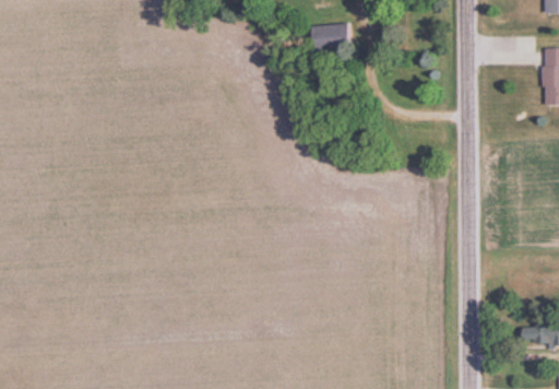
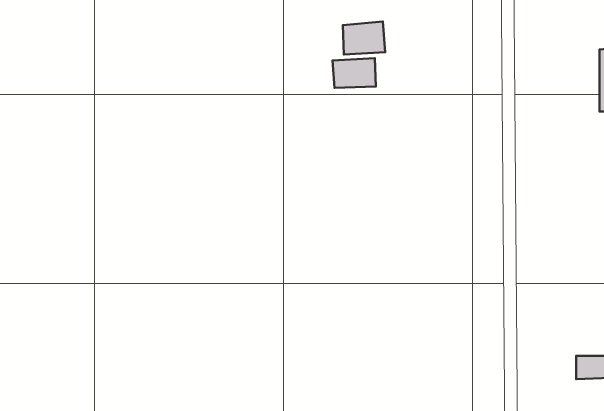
building: none -> [332,58,376,88]

